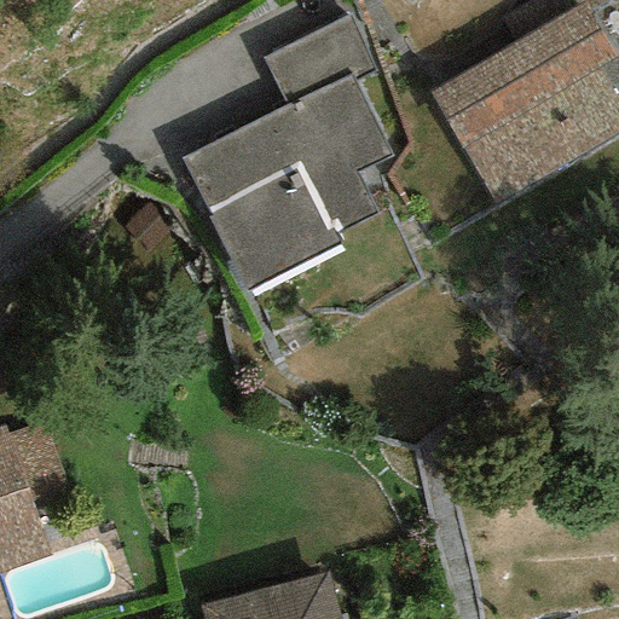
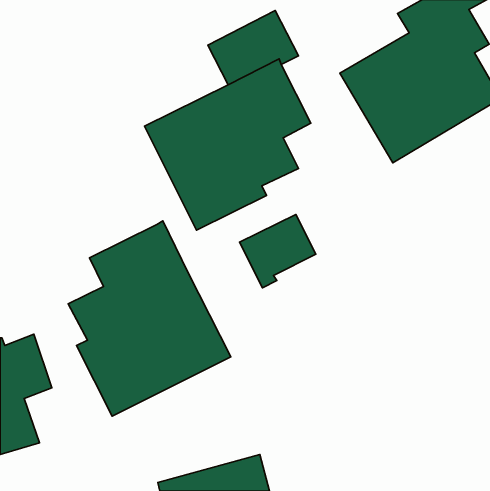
building: none -> [240,214,316,288]
building: none -> [68,221,231,416]

